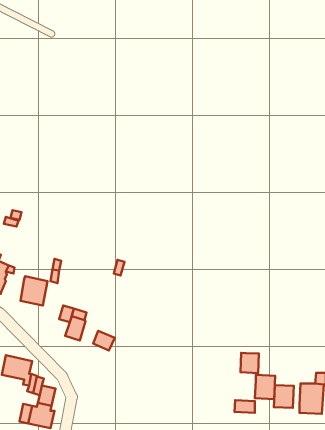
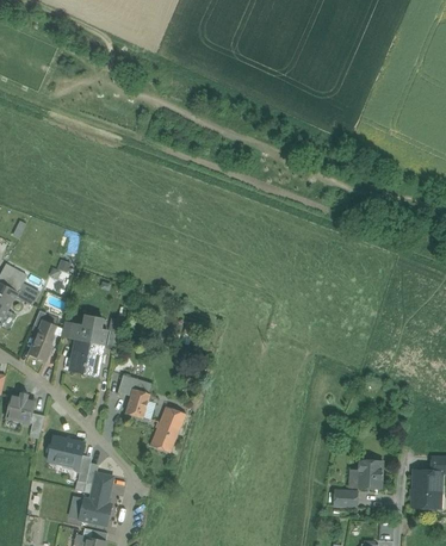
building: none -> [68,315,106,346]
building: none -> [149,422,178,453]
building: [241,353,259,373] -> none
building: [274,385,294,408] -> none

